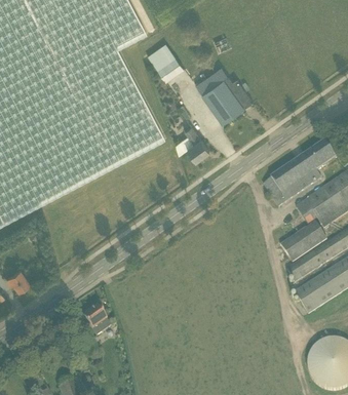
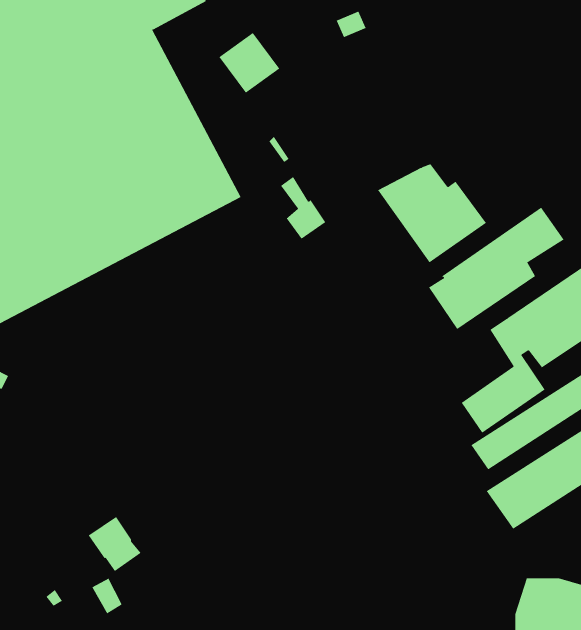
building: [193,67,252,120] -> [377,163,487,263]

